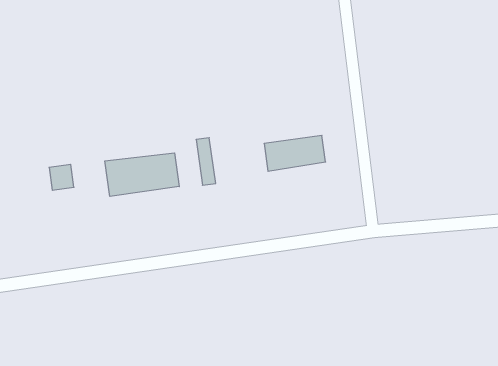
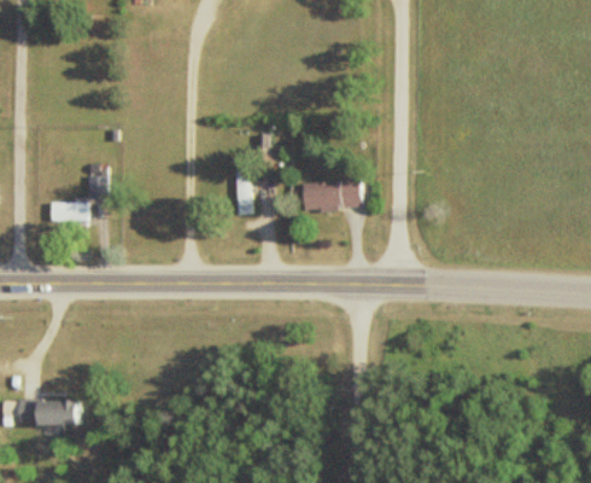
building: [105,153,179,196] -> none
building: none -> [51,203,88,223]

